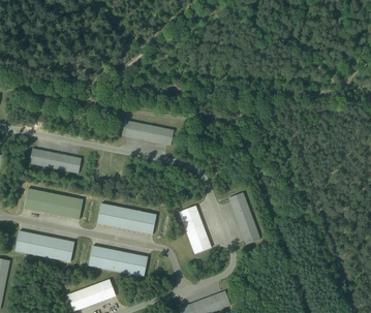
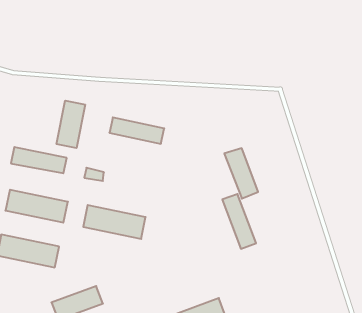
building: none -> [57,101,85,148]
building: [178,206,210,253] -> [224,148,258,199]
building: [88,245,147,276] -> none

